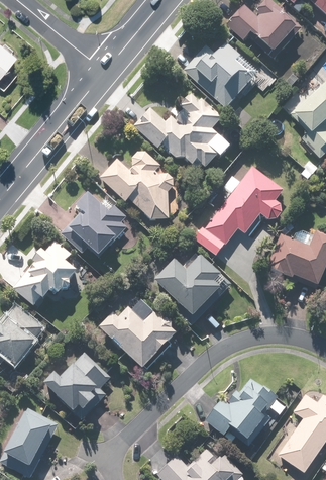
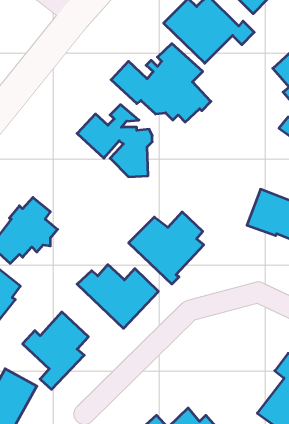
building: [194,167,283,256] -> none
building: [61,192,127,259] -> none
building: [205,377,277,446] -> none

